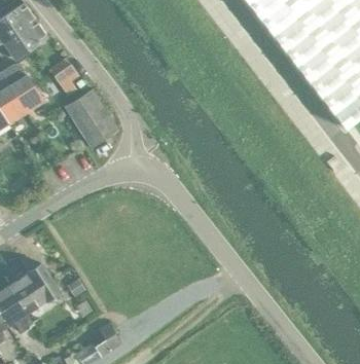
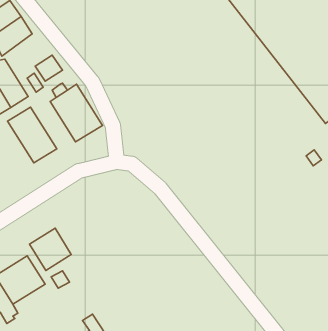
building: none -> [8,107,57,163]
building: none -> [29,228,71,271]

